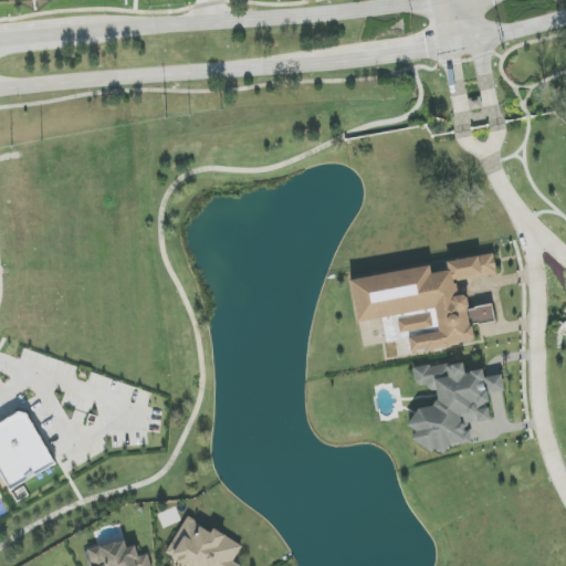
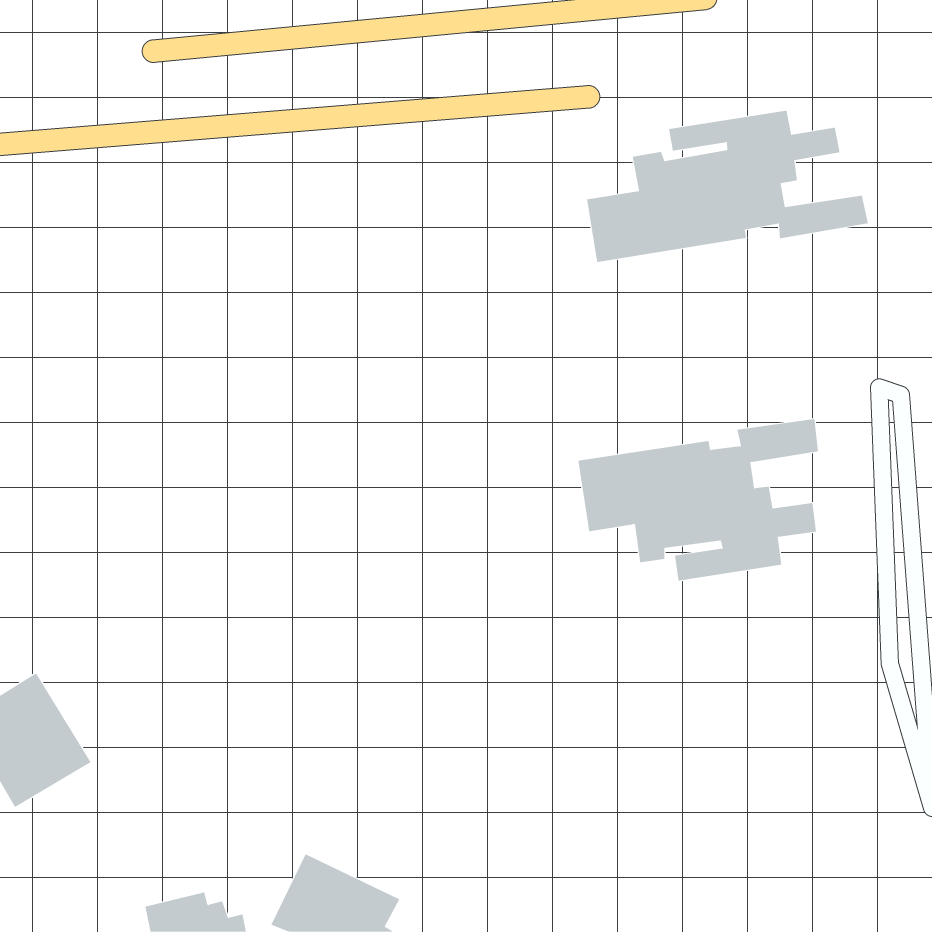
building: none -> [586,110,869,263]
building: [409,359,504,451] -> none

